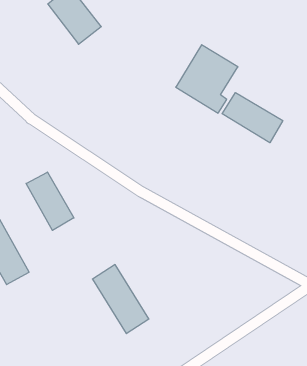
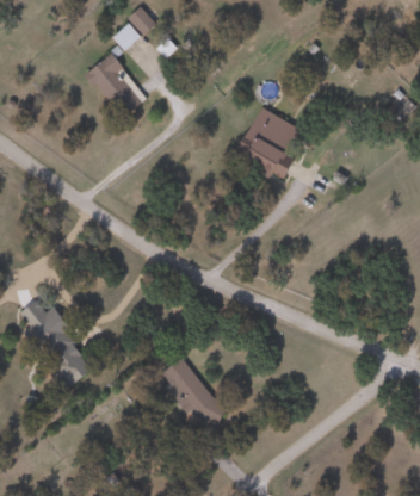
building: [222,93,283,143] -> none
building: [26,172,74,230] -> none

